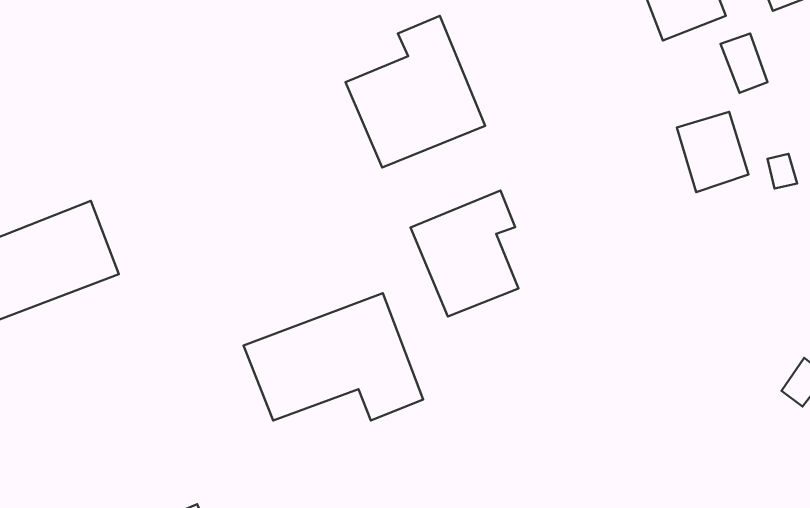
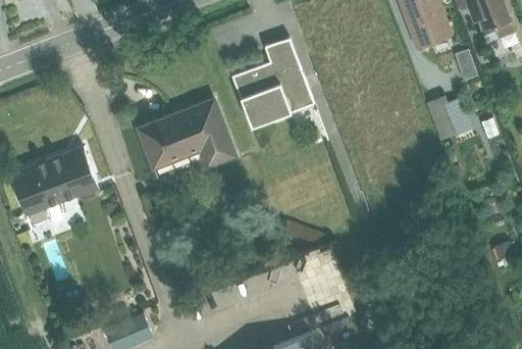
building: [411,191,518,317] -> none
building: [243,293,423,420] -> [132,94,237,168]

